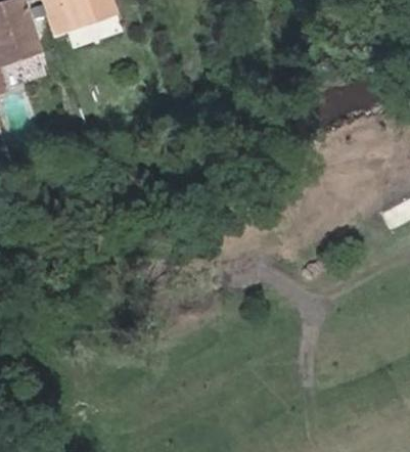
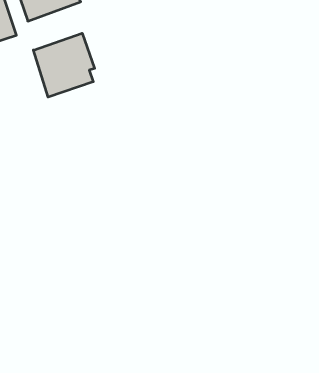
building: none -> [33,33,95,97]

